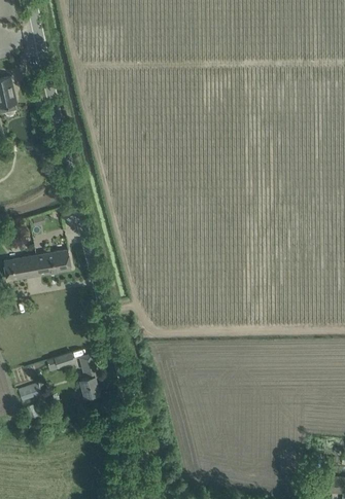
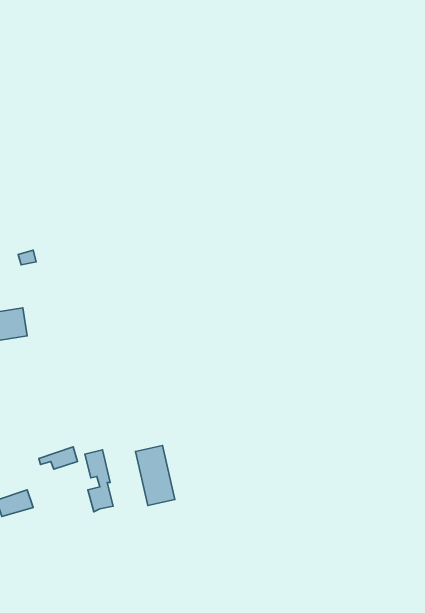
building: [35,249,71,275] -> none
building: none -> [135,445,175,506]

